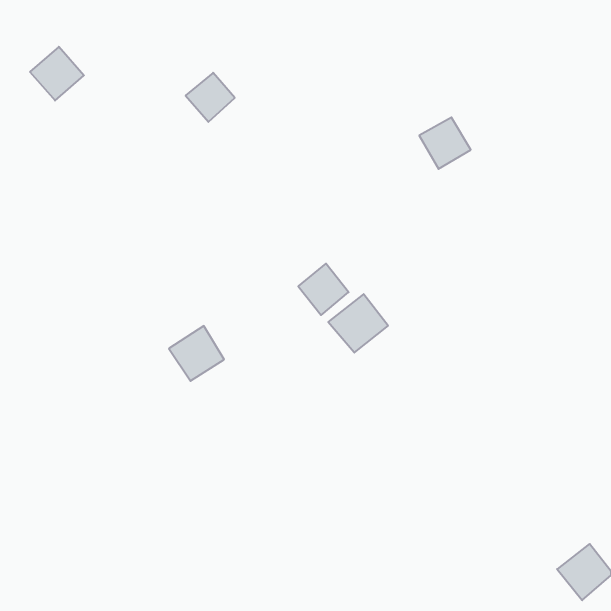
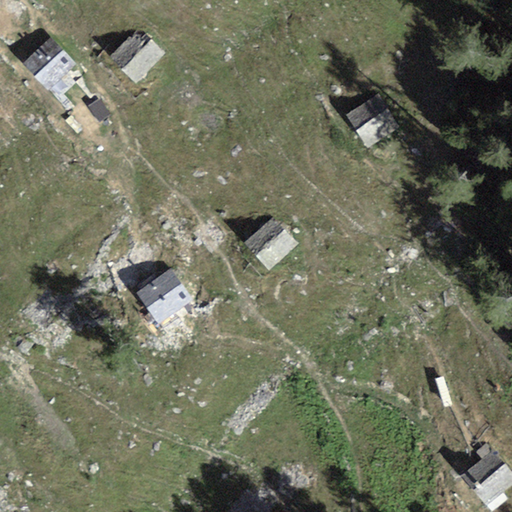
building: [186,73,235,122] -> [115,34,156,75]
building: [328,294,388,353] -> none

